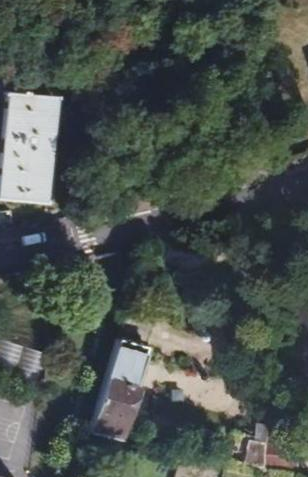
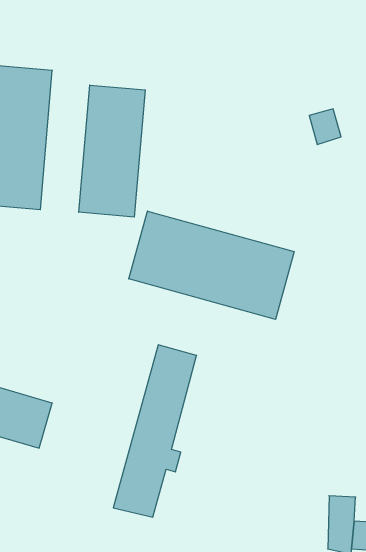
building: none -> [79,85,145,217]
building: none -> [129,211,294,319]

